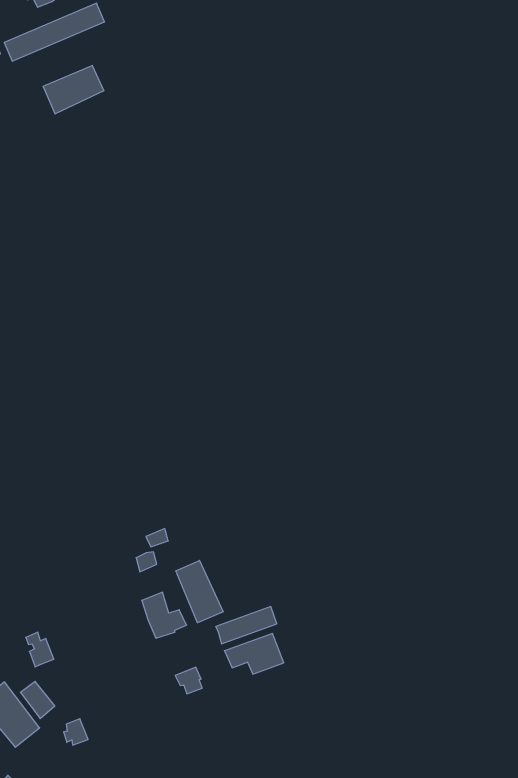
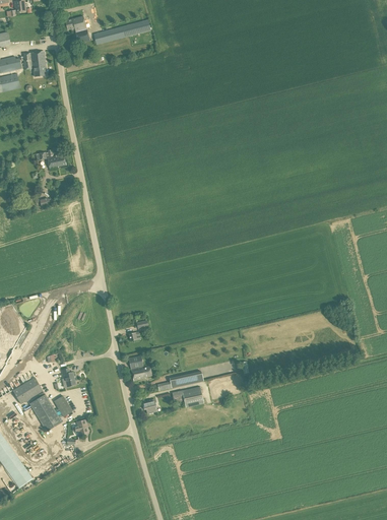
building: [43,65,104,114] -> none
building: [176,560,223,623] -> none

